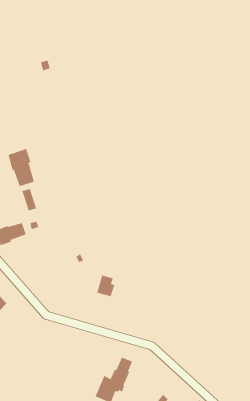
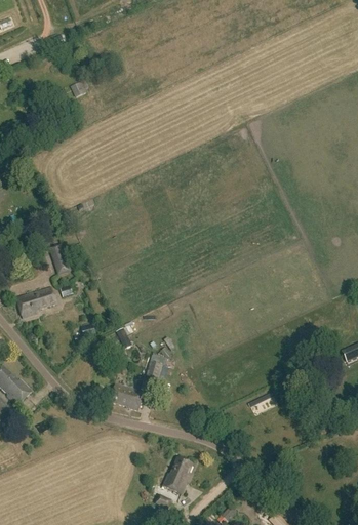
building: [8,148,34,187] -> none
building: none -> [110,382,144,410]

